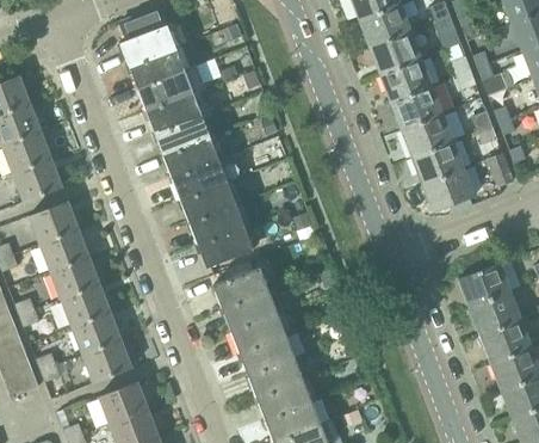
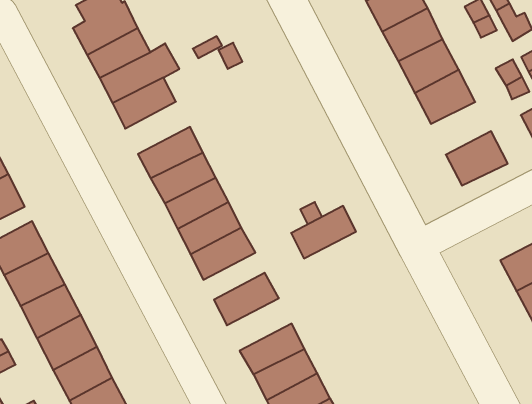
building: [155,115,210,155] -> none
building: [413,143,463,185] -> none
building: [222,290,277,331] -> [291,206,356,258]

